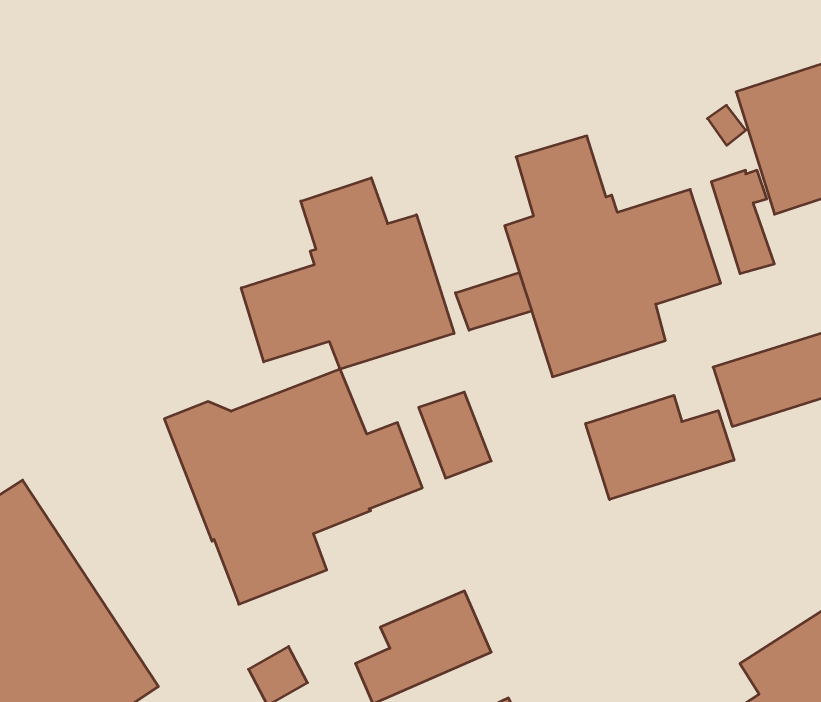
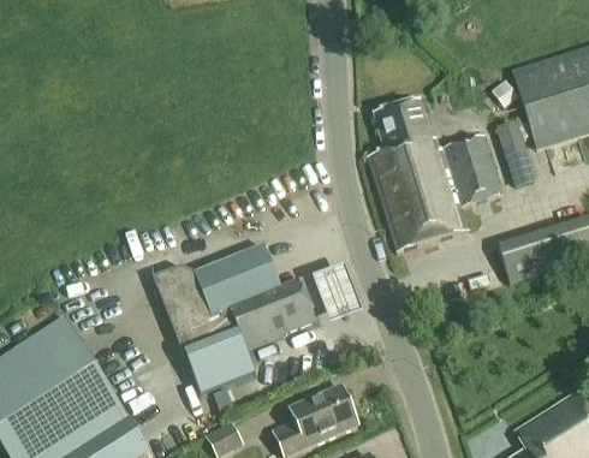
building: [241,178,454,369] -> none
building: [455,272,532,330] -> none
building: [586,395,734,500] -> none

